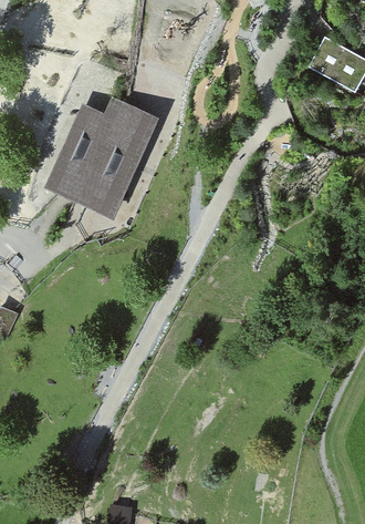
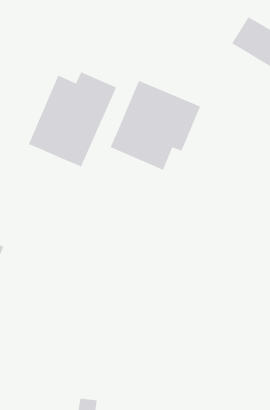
building: none -> [109,80,201,171]

